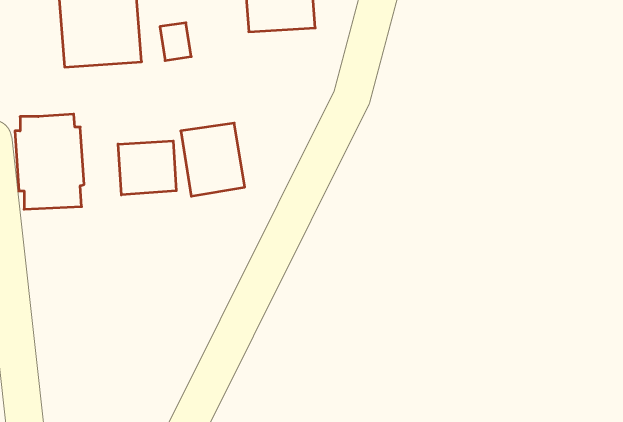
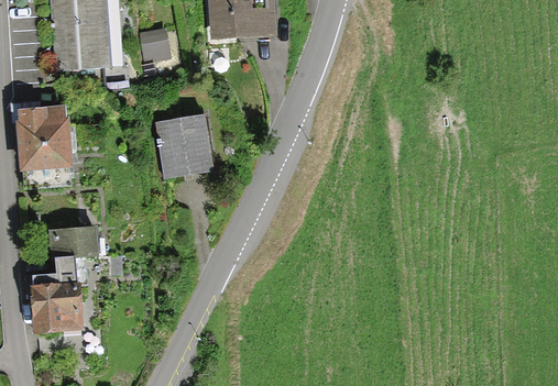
building: [118,141,176,195] -> none
building: none -> [31,225,98,332]

